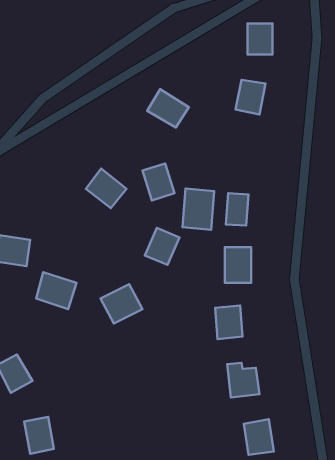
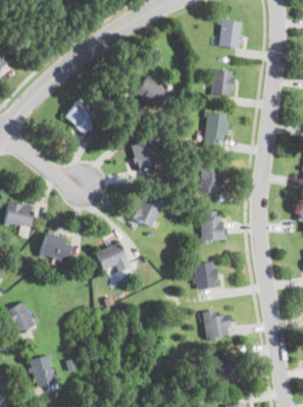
building: none -> [203,112,230,145]
building: [86,169,126,208] -> [64,100,99,134]
building: [182,188,214,230] -> none

